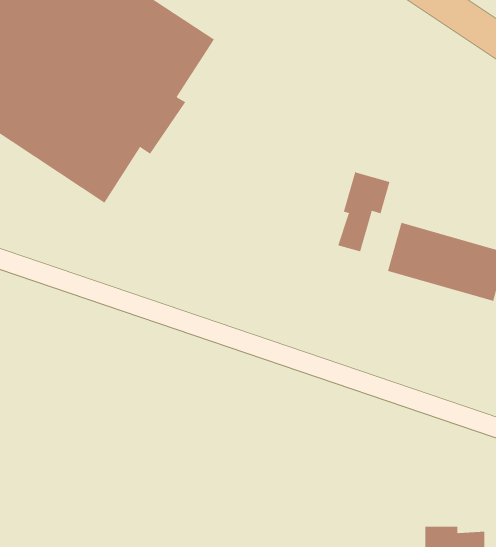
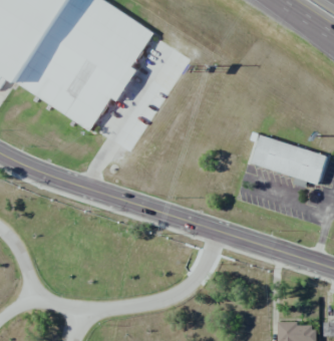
building: [338,171,390,252] -> none

